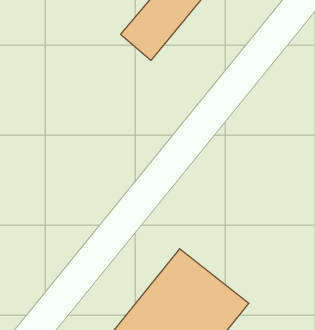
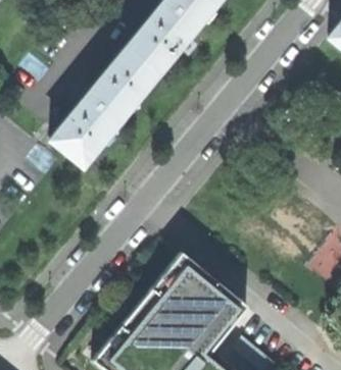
building: none -> [49,45,157,164]

